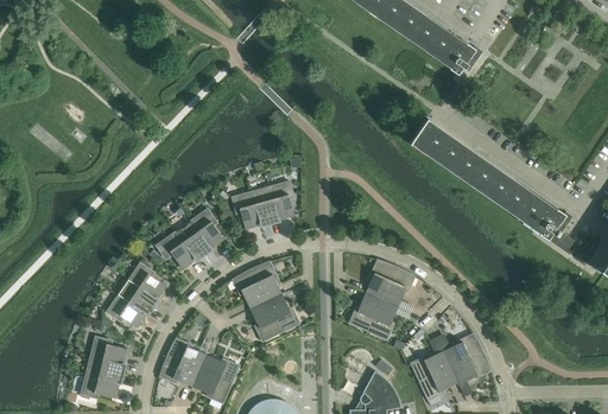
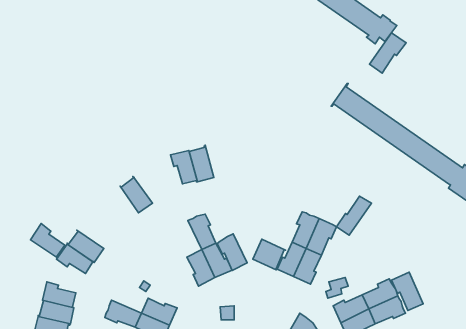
building: none -> [369,33,406,73]
building: [270,180,294,221] -> none
building: [190,208,223,249] -> none
building: [156,230,196,268] -> none
building: none -> [336,196,372,235]
building: [128,261,166,299] -> [31,224,65,258]
building: [233,268,266,308] -> [217,234,247,270]
building: none -> [253,239,285,270]
building: none -> [392,272,423,310]
building: [166,337,207,370] -> none

